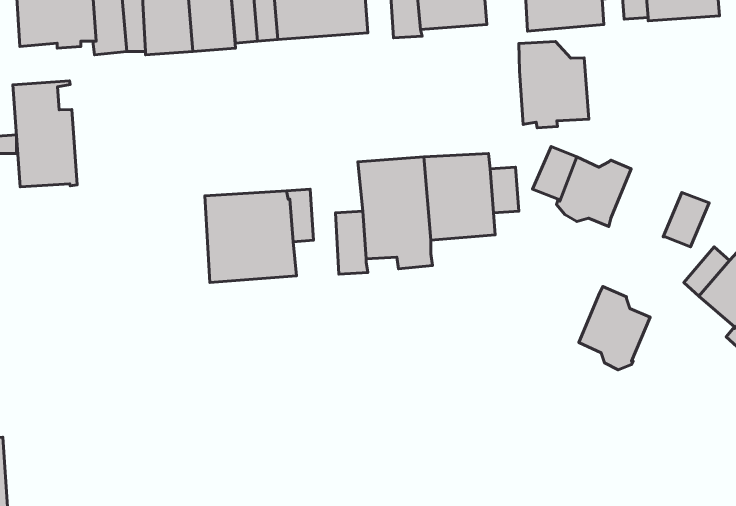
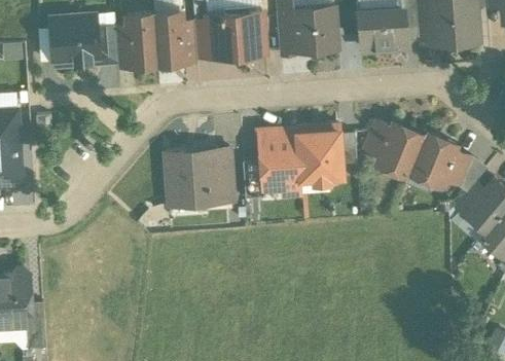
building: [519,41,589,128] -> none
building: [13,81,77,187] -> none
building: [579,287,650,370] -> [410,132,454,182]

